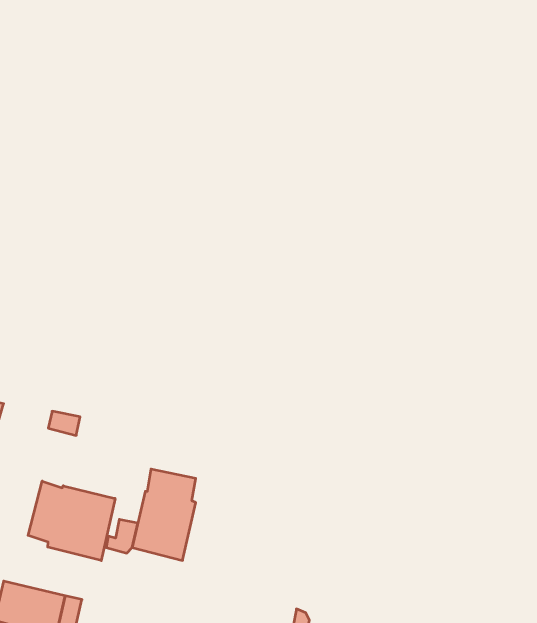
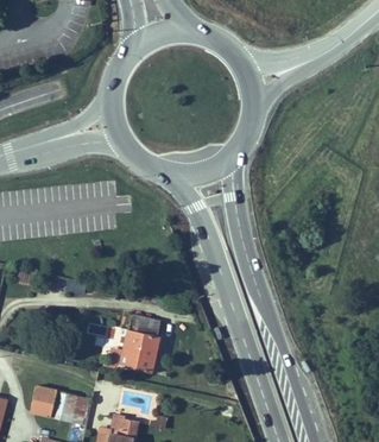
building: [28,481,115,561] -> none

